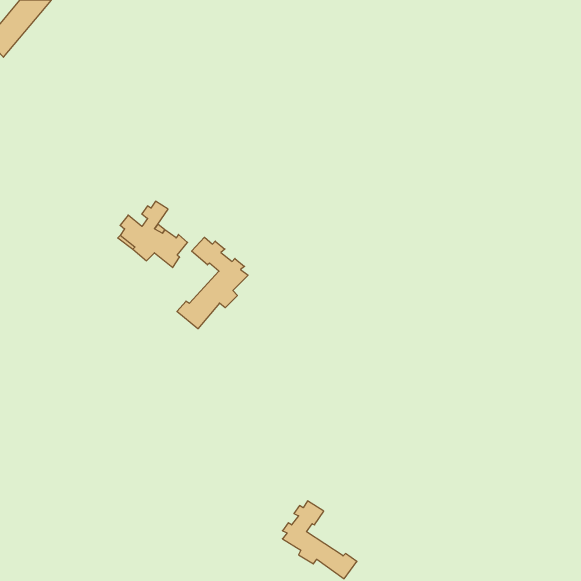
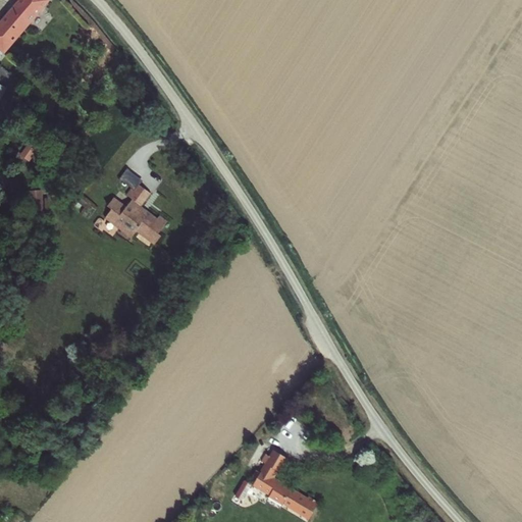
building: [177,237,248,329] -> none

